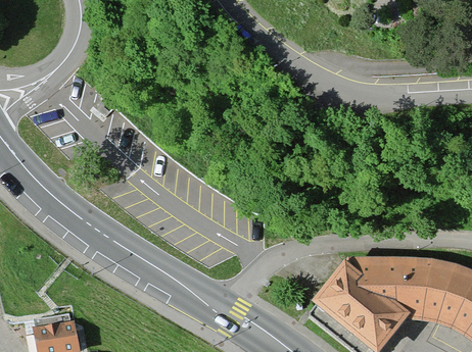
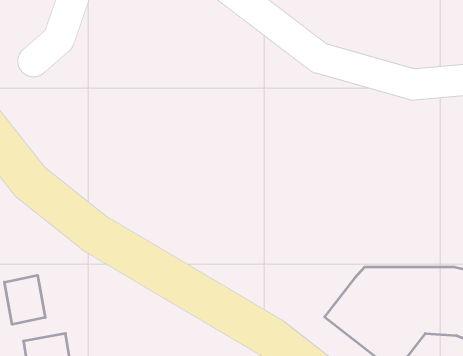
building: none -> [4,275,45,324]

